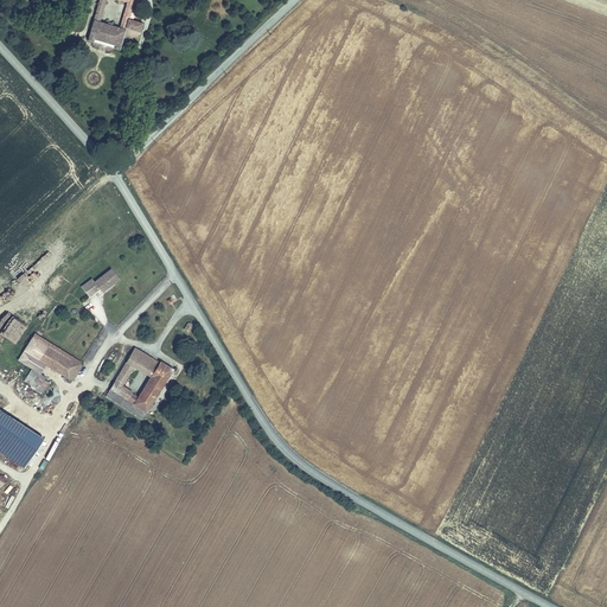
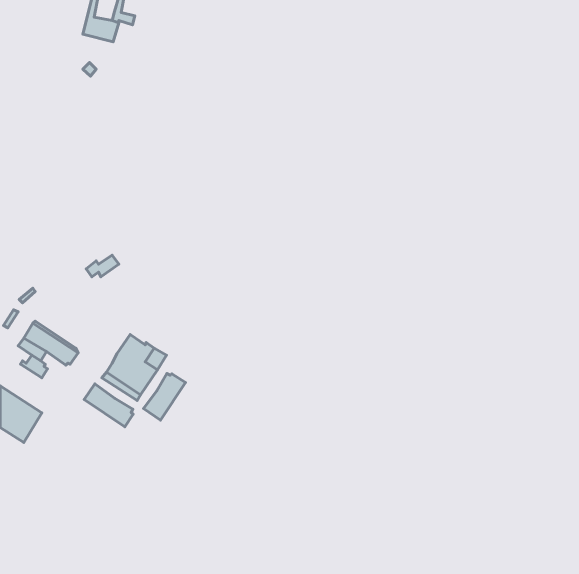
building: none -> [144,374,186,420]
building: none -> [84,384,133,427]

